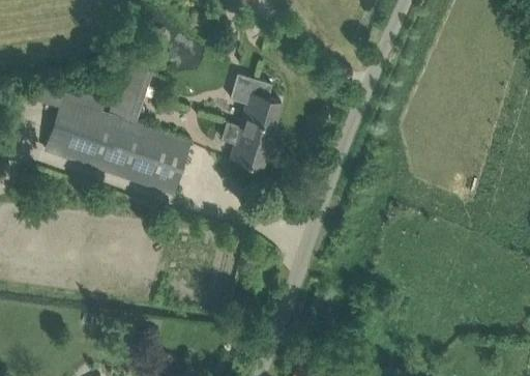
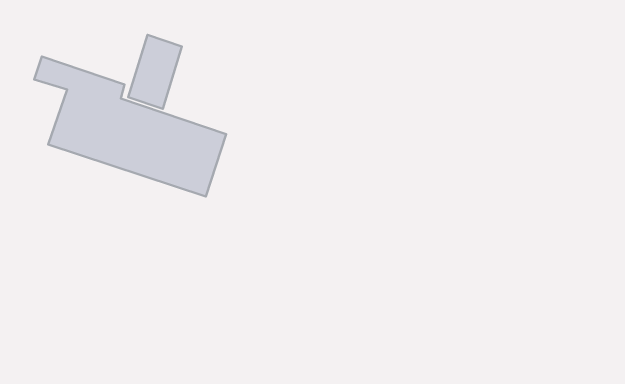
building: [230,74,281,168] -> none

